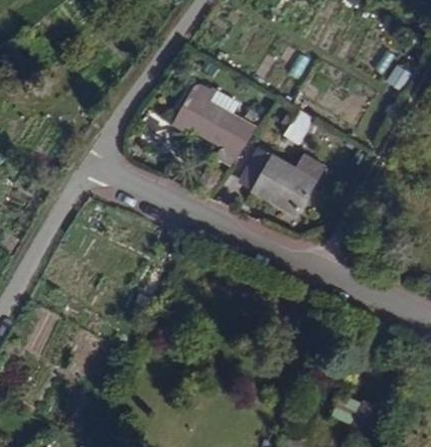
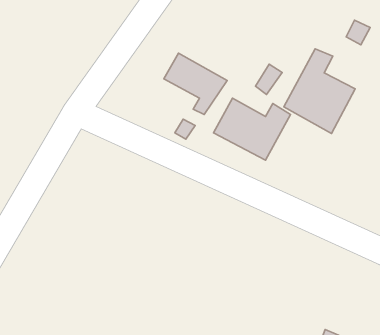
building: none -> [284,49,355,133]

